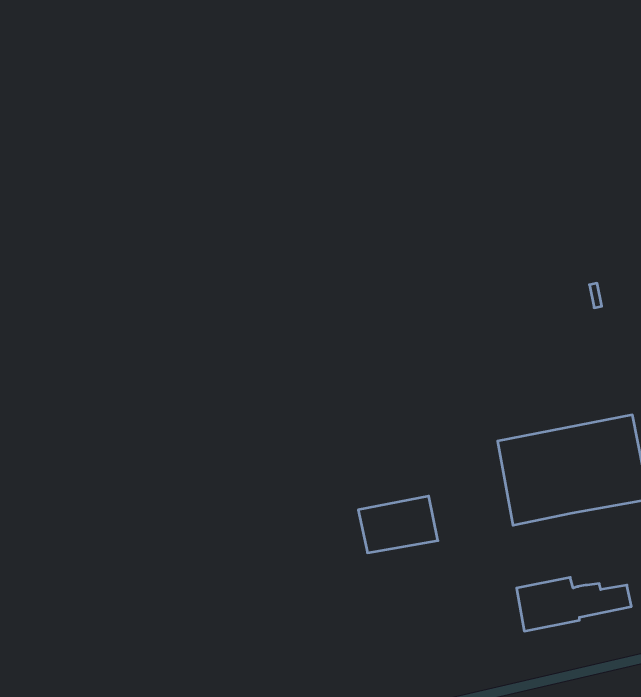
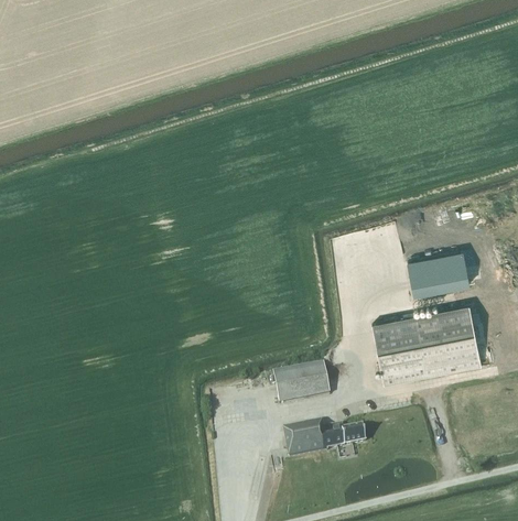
building: none -> [408,249,470,294]
building: [517,577,631,631] -> [282,419,365,457]

